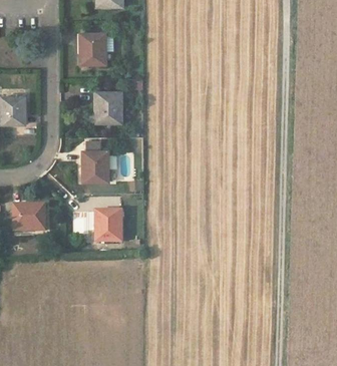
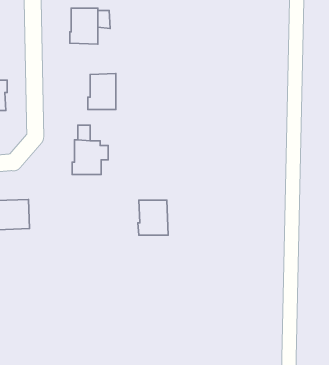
building: [95,210,122,241] -> [138,200,168,235]

